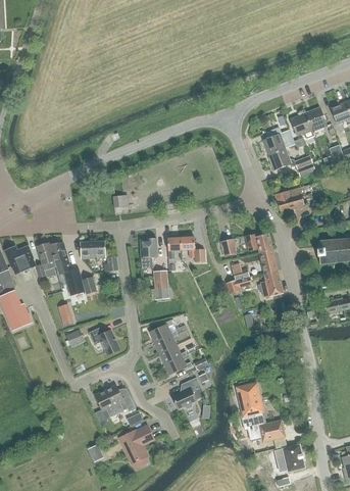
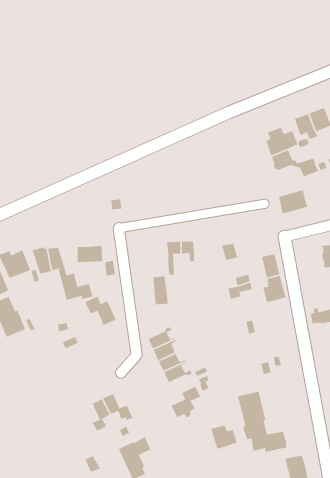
building: [245,232,272,251] -> none
building: [140,238,157,266] -> none
building: [89,325,120,354] -> [84,296,117,326]
building: none -> [210,424,238,450]

